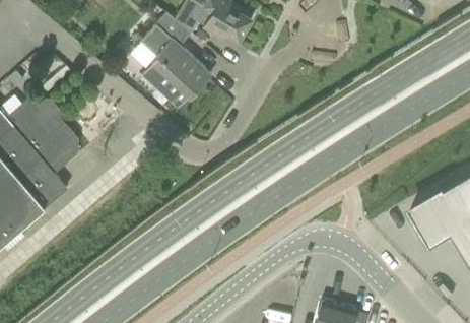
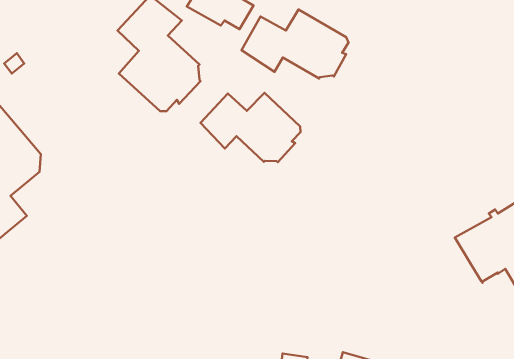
building: none -> [241,9,348,78]
building: none -> [201,93,301,162]

